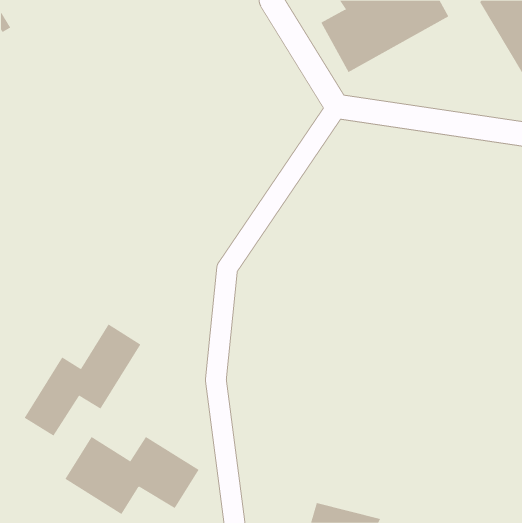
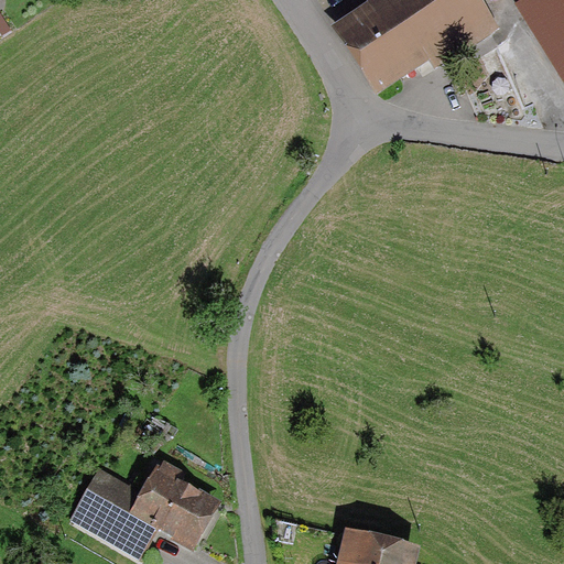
building: [24,323,141,436] -> none

